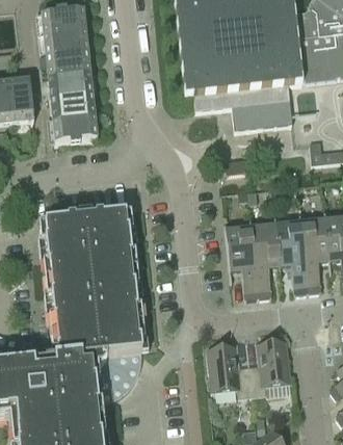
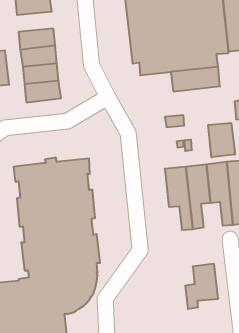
building: [44,31,88,56] -> none
building: none -> [208,123,235,157]
building: [209,345,253,396] -> none

